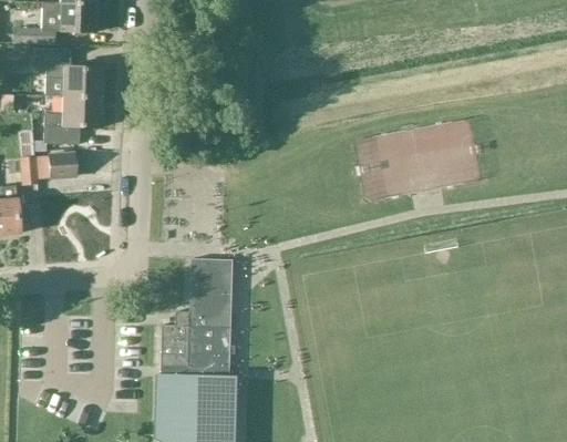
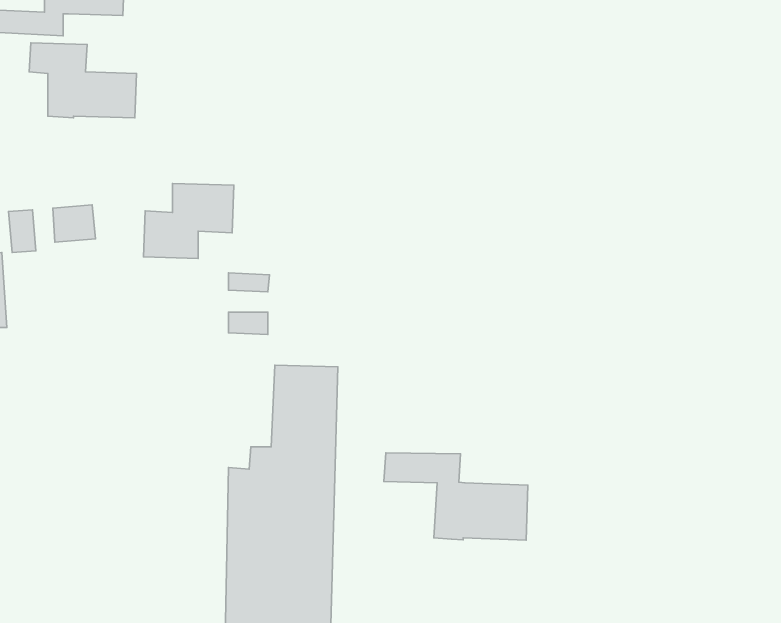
building: [42,96,101,145] -> [144,183,234,258]
building: none -> [384,453,528,540]

